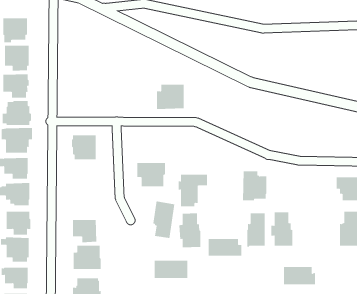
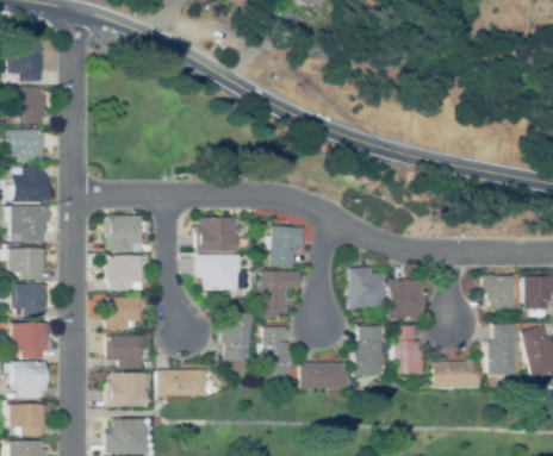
building: [156,84,185,109] -> [197,217,237,252]
building: none -> [265,226,305,268]
building: none -> [107,256,143,291]
building: none -> [389,279,423,323]
building: none -> [106,298,142,330]
building: [154,260,188,279] -> [157,370,206,396]
building: [283,267,316,285] -> [433,362,479,388]

